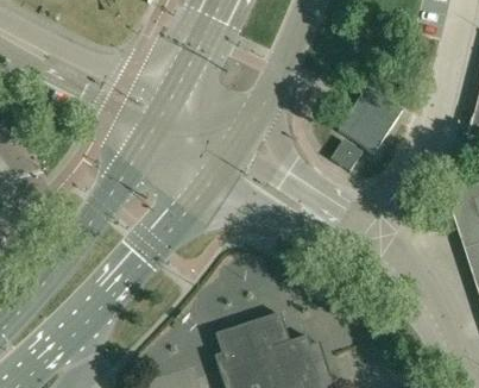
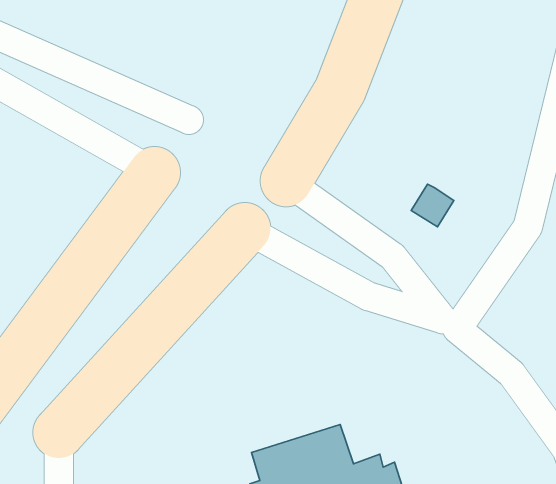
building: [338,87,402,152] -> none

